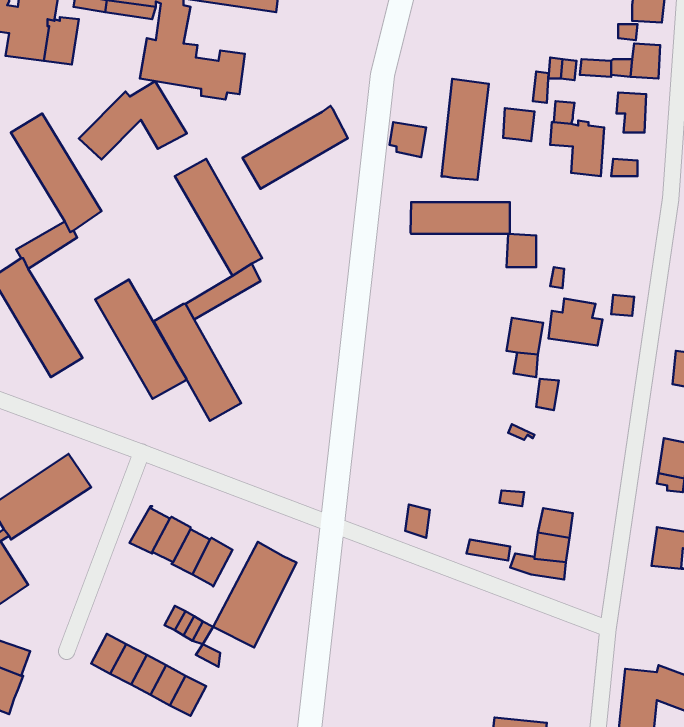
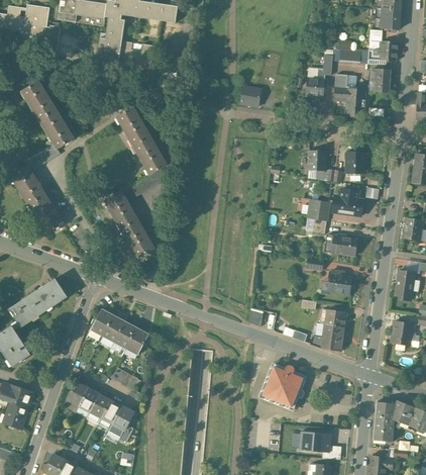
building: [442,79,489,180] -> none
building: [79,81,187,160] -> none
building: [243,106,348,189] -> none
building: [410,202,510,234] -> none
building: none -> [346,152,364,174]
building: [95,280,186,399] -> none
building: none -> [335,234,357,256]
building: none -> [329,270,352,294]
building: [213,542,297,648] -> none
building: none -> [259,364,305,409]

